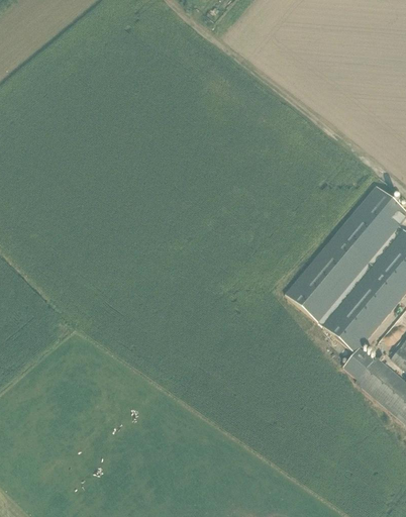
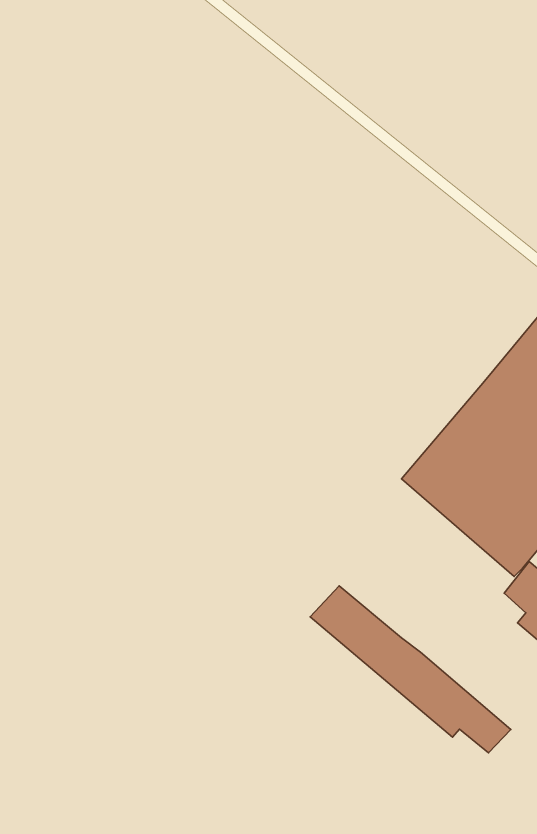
building: none -> [310,586,511,753]

